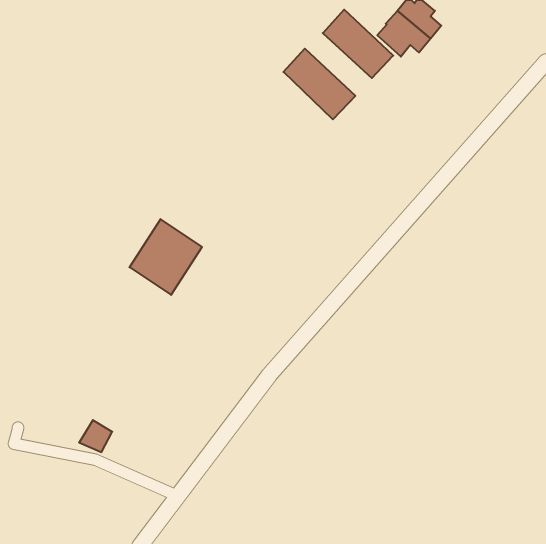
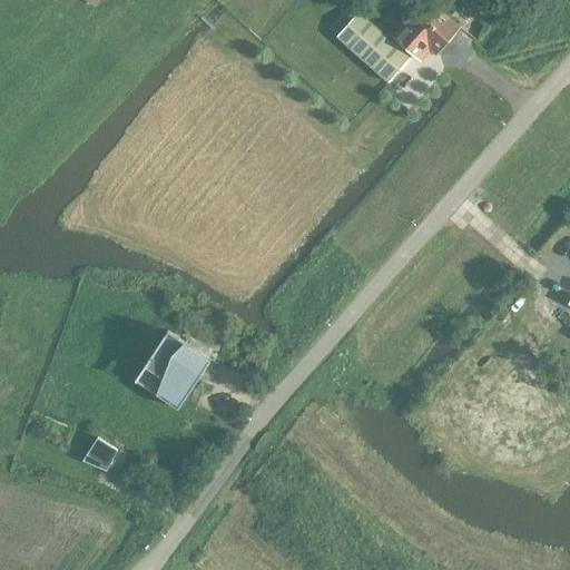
building: [283,49,355,119] -> none
building: [129,219,202,295] -> [135,332,210,411]

